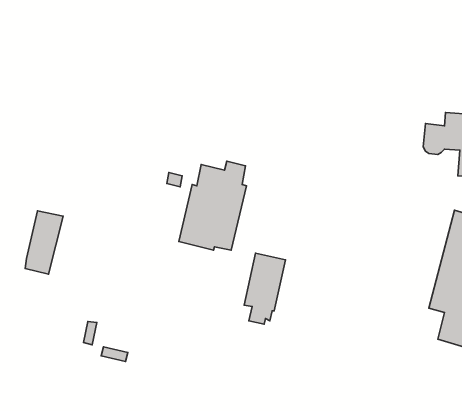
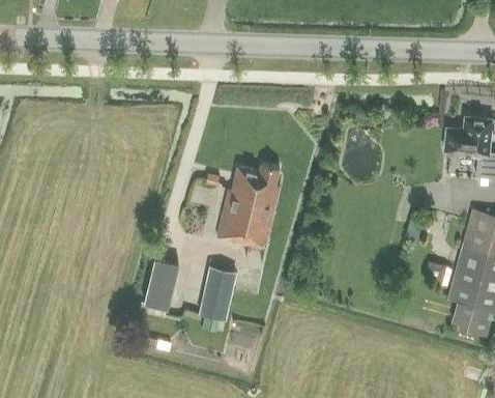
building: [25,211,63,274] -> [143,258,178,317]
building: [244,253,285,324] -> [198,265,236,332]

